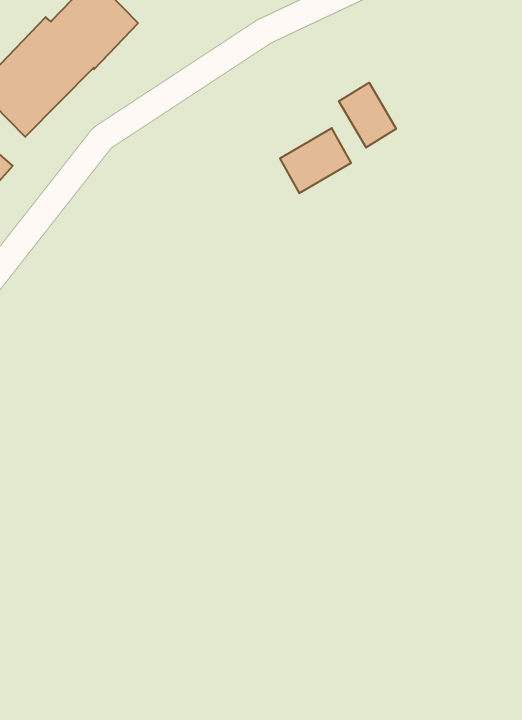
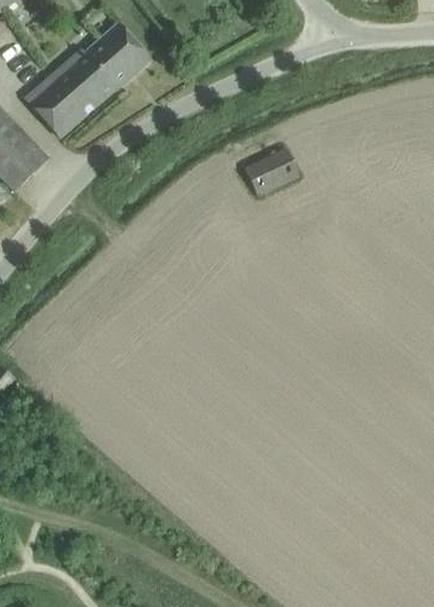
building: [339,83,396,148] -> none

